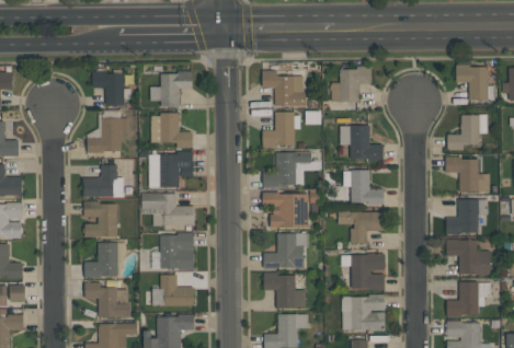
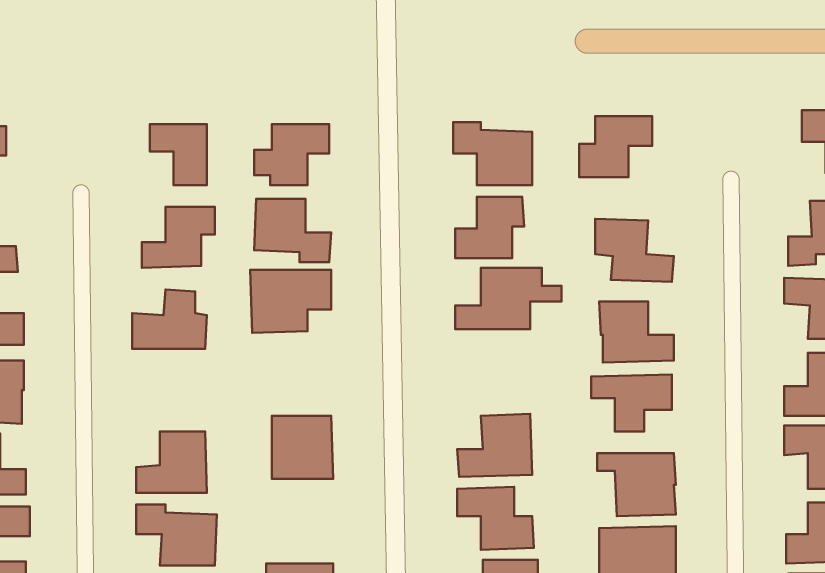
building: [141,193,194,225] -> none
building: [262,193,308,229] -> none
building: [83,202,117,237] -> none
building: [152,275,194,306] -> none

